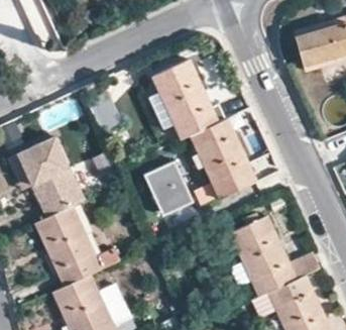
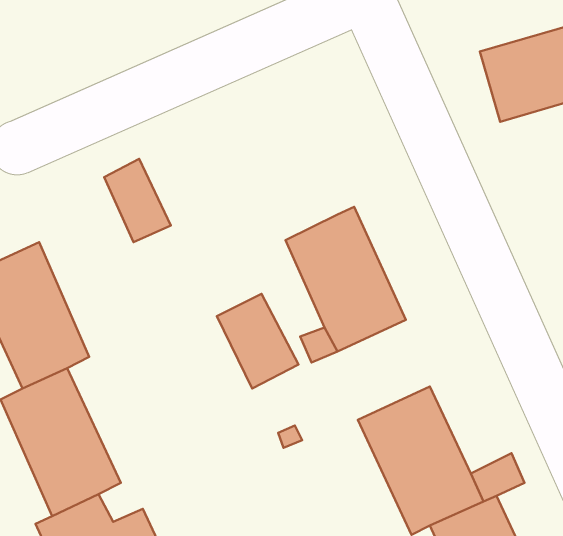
building: [151,60,217,138] -> none

